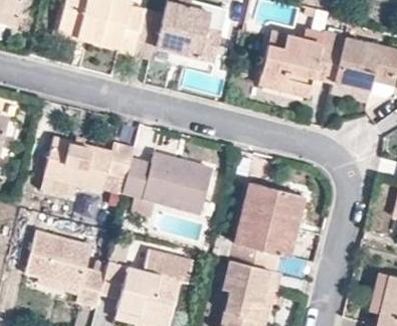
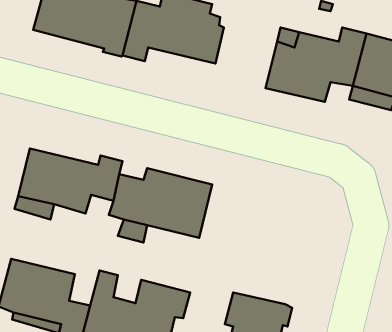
building: [230,184,305,271] -> none

